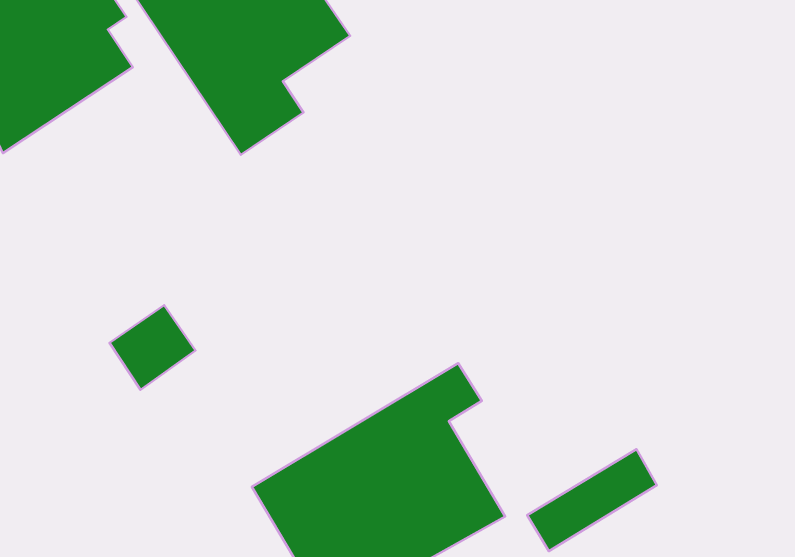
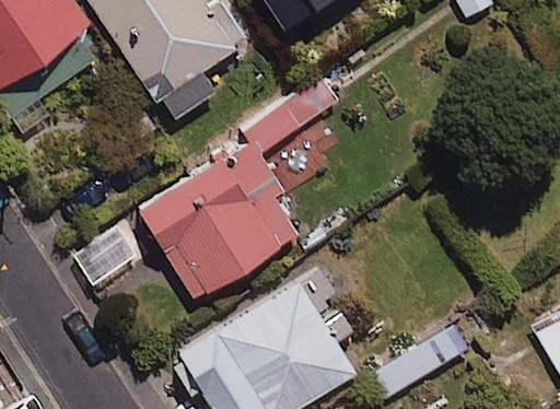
building: none -> [136,79,336,303]

